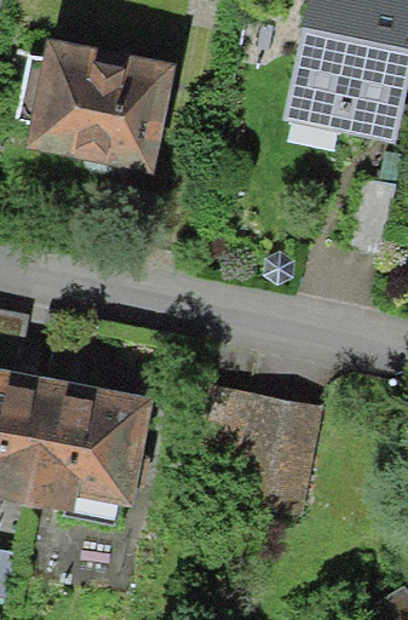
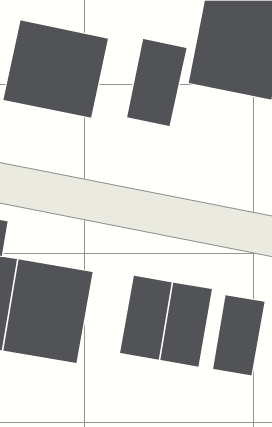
building: none -> [126,38,187,127]
building: none -> [213,294,265,376]

